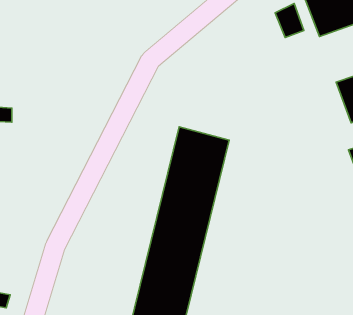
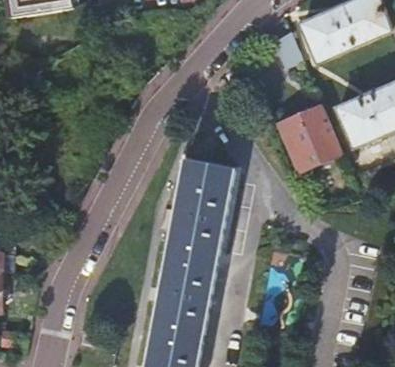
building: none -> [278,103,342,171]

